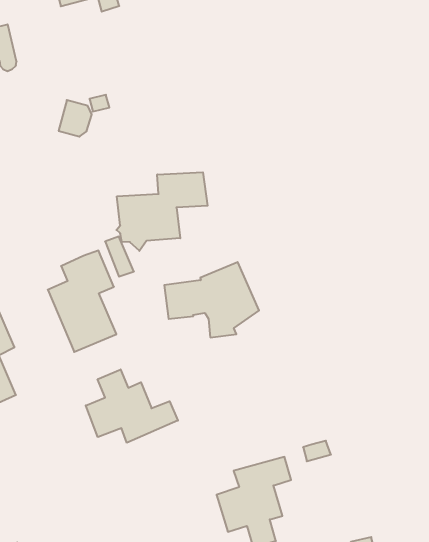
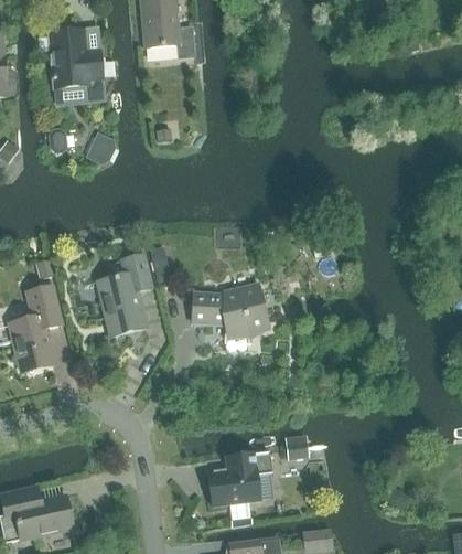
building: [59,100,92,137] -> [87,131,117,163]
building: [116,172,208,251] -> none
building: [86,369,178,443] -> none

